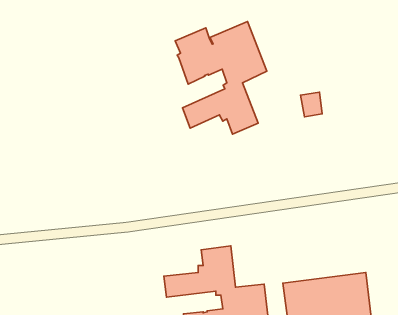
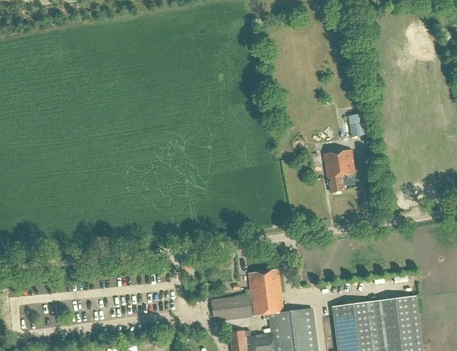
building: [175,21,267,134] -> none
building: none -> [321,150,354,193]

